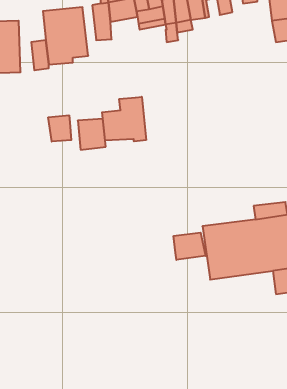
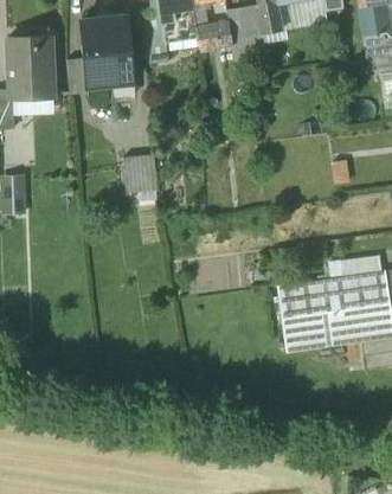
building: [102,97,146,141] -> none
building: [48,115,71,142] -> none
building: [174,233,205,260] -> none

